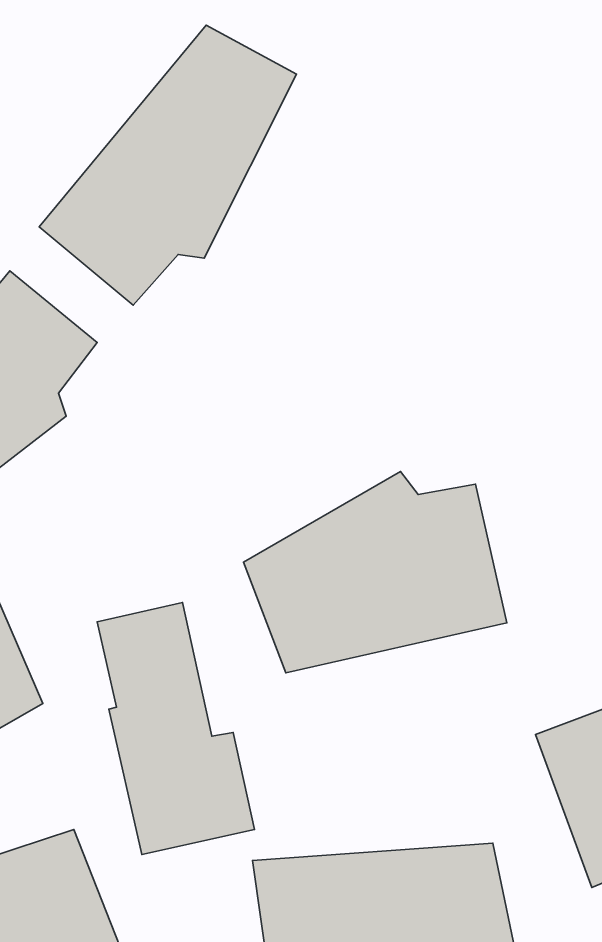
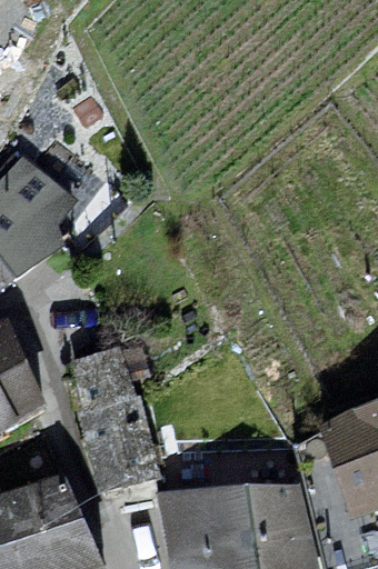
building: [39,25,296,305] -> none
building: [243,472,507,673] -> none

